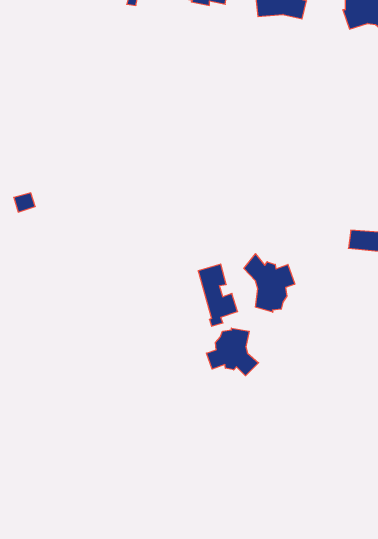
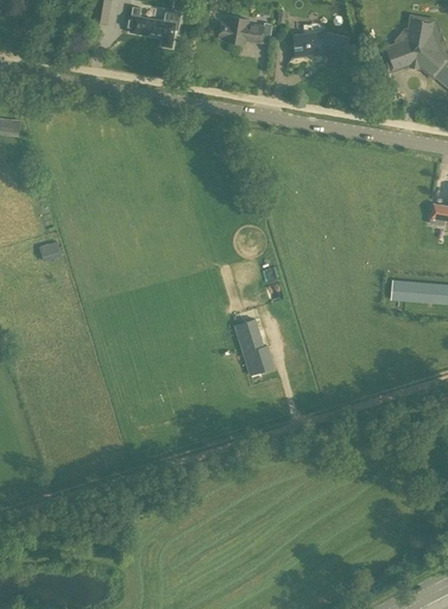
building: [244,254,295,312] -> none
building: [206,328,259,376] -> none

